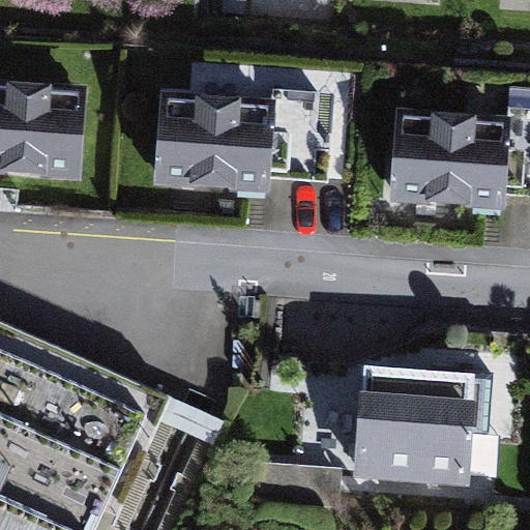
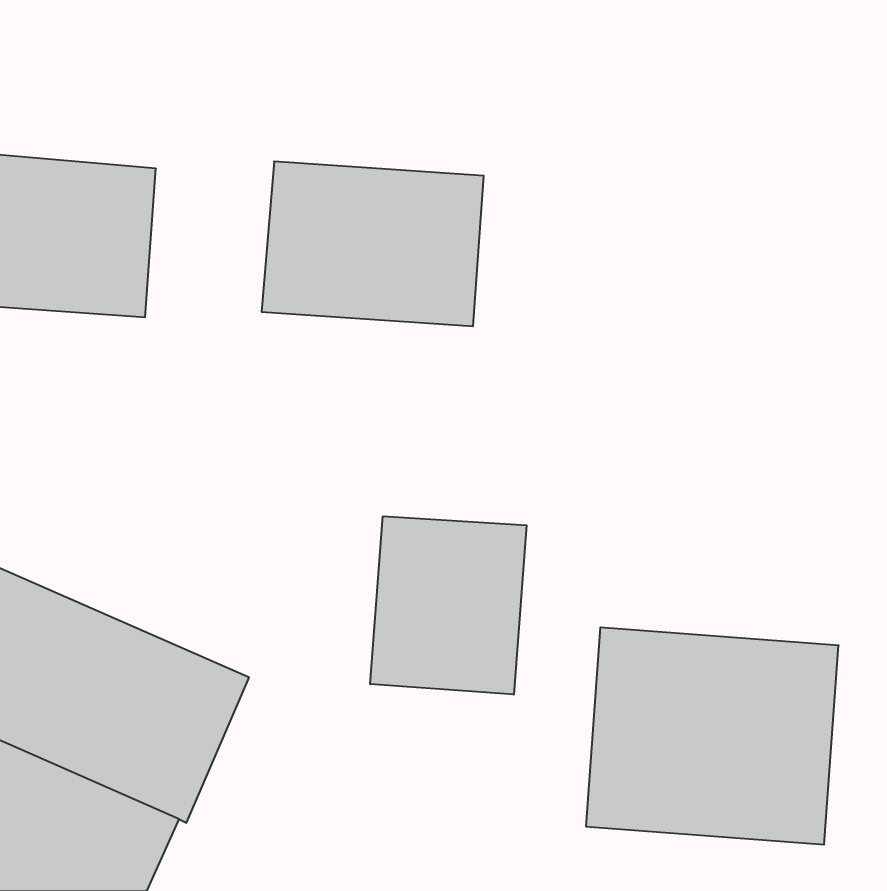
building: [379,110,507,205] -> none
building: none -> [370,516,527,695]

